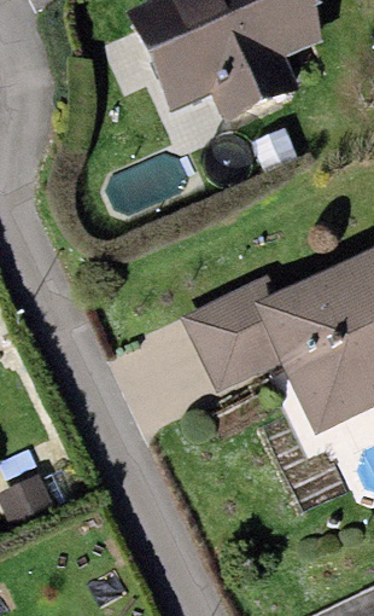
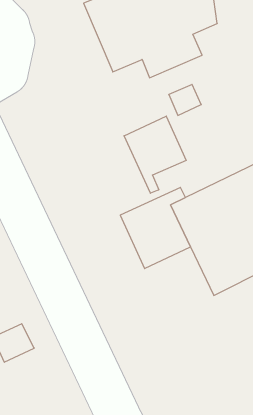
building: none -> [124,116,186,193]

